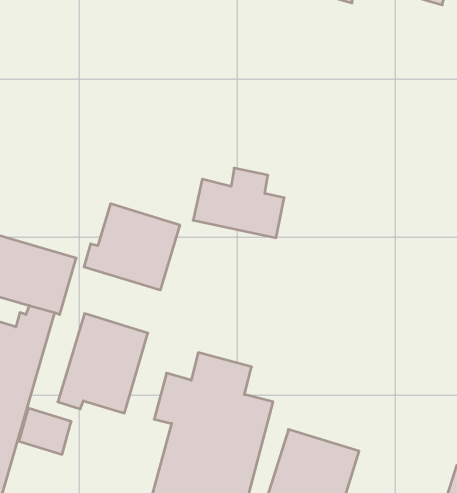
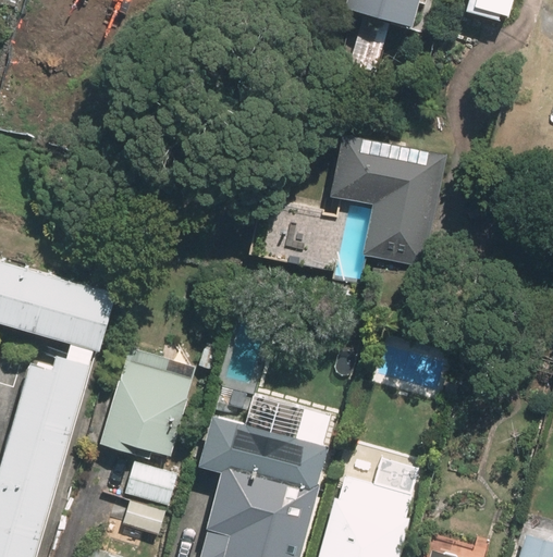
building: none -> [325,133,447,270]
building: [84,204,180,290] -> none
building: [19,408,71,454] -> [121,461,176,510]

